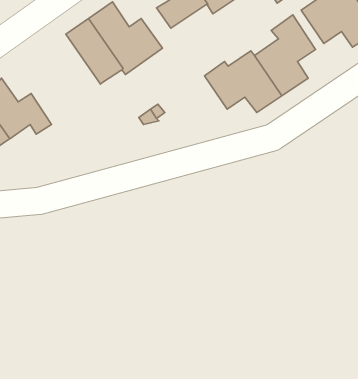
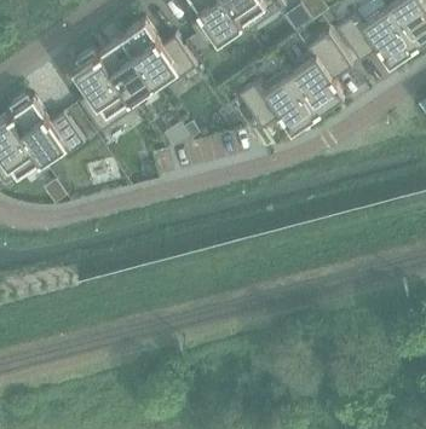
building: none -> [70,50,133,134]

